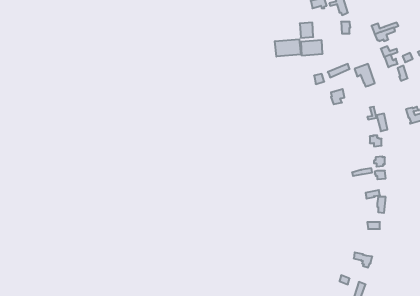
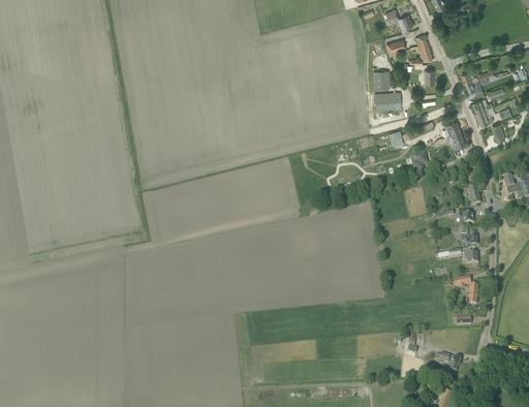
building: [275,39,301,57] -> none

